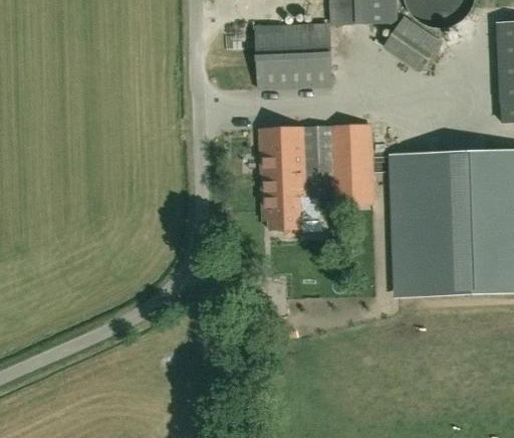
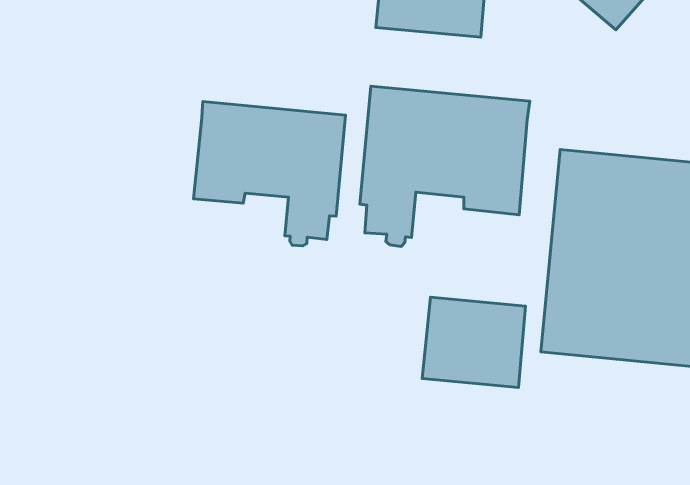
building: none -> [193,102,346,246]
building: none -> [422,297,526,388]

